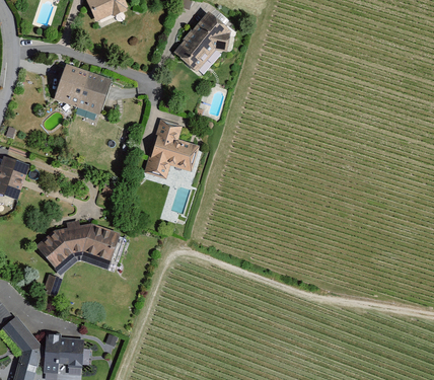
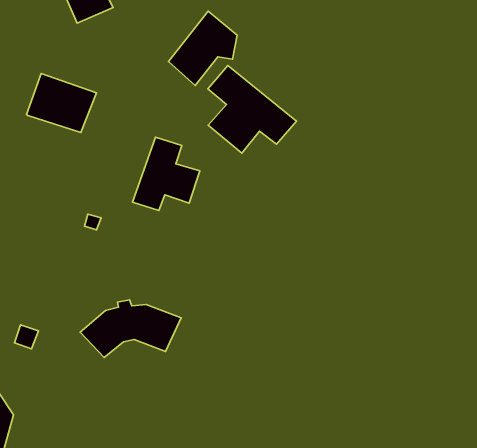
building: none -> [208,66,296,153]
building: [35,220,121,269] -> [80,300,181,357]
building: [43,333,85,373] -> none

